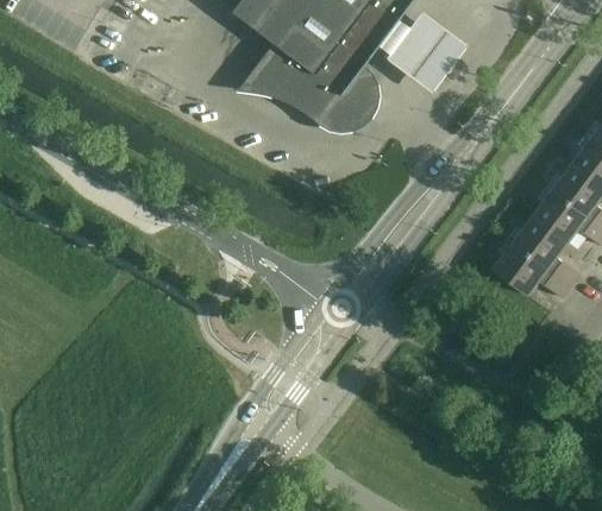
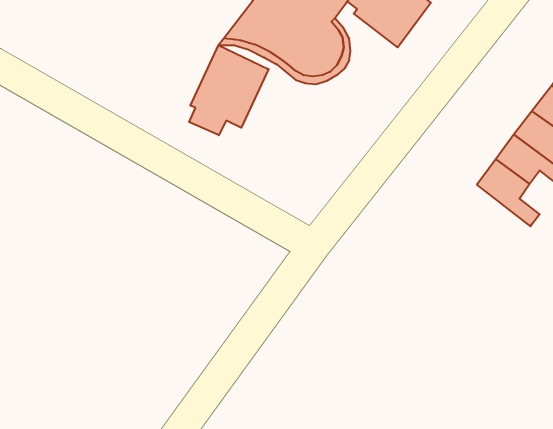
building: none -> [189,45,269,135]
building: [494,241,571,296] -> none

